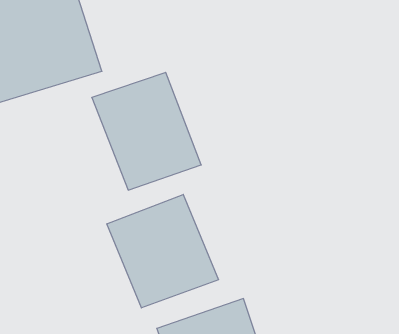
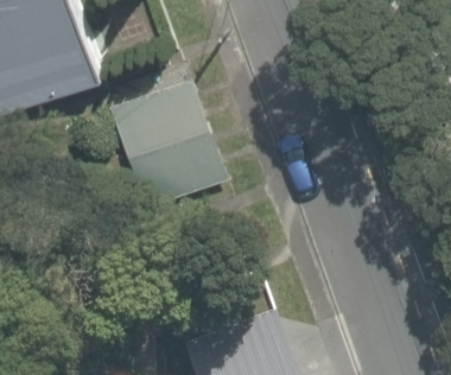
building: [107,194,218,308] -> none

